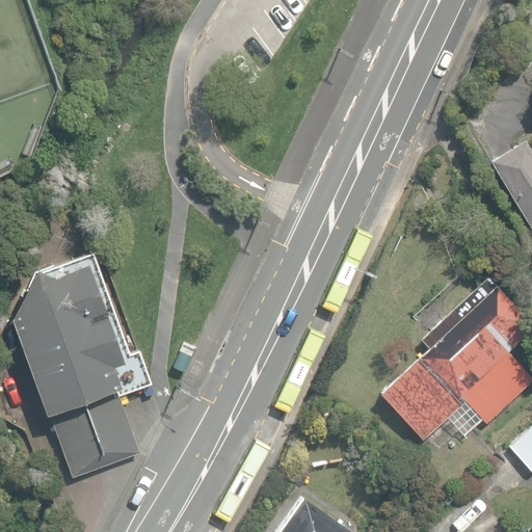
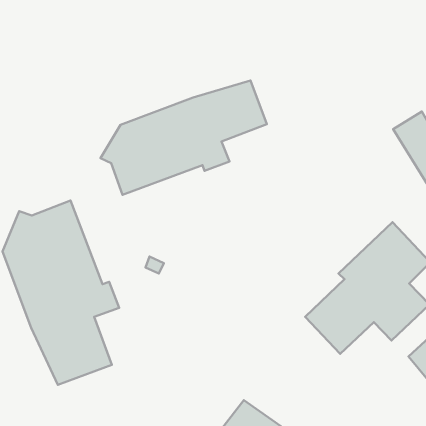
building: none -> [101,81,267,195]

